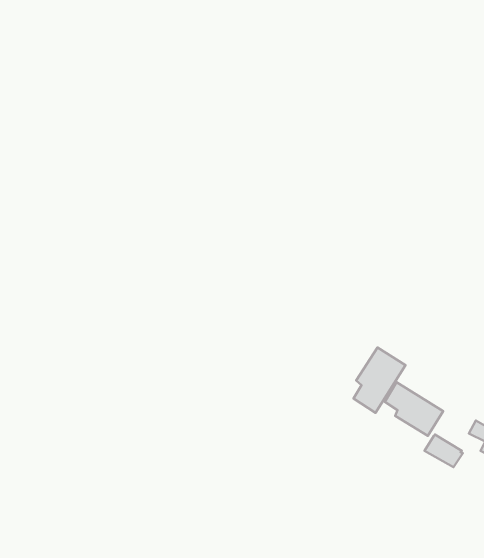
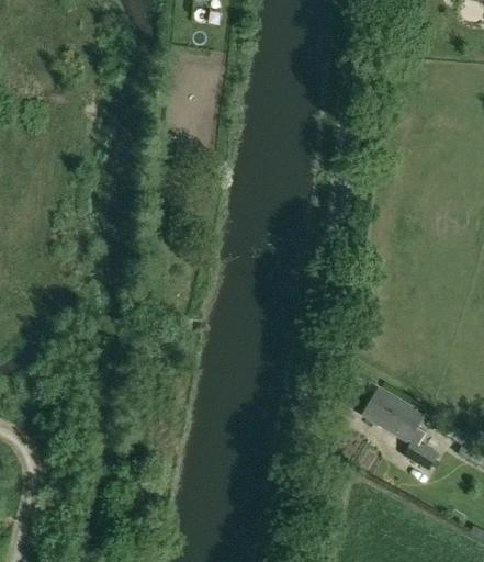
building: [353,347,405,413] -> none

